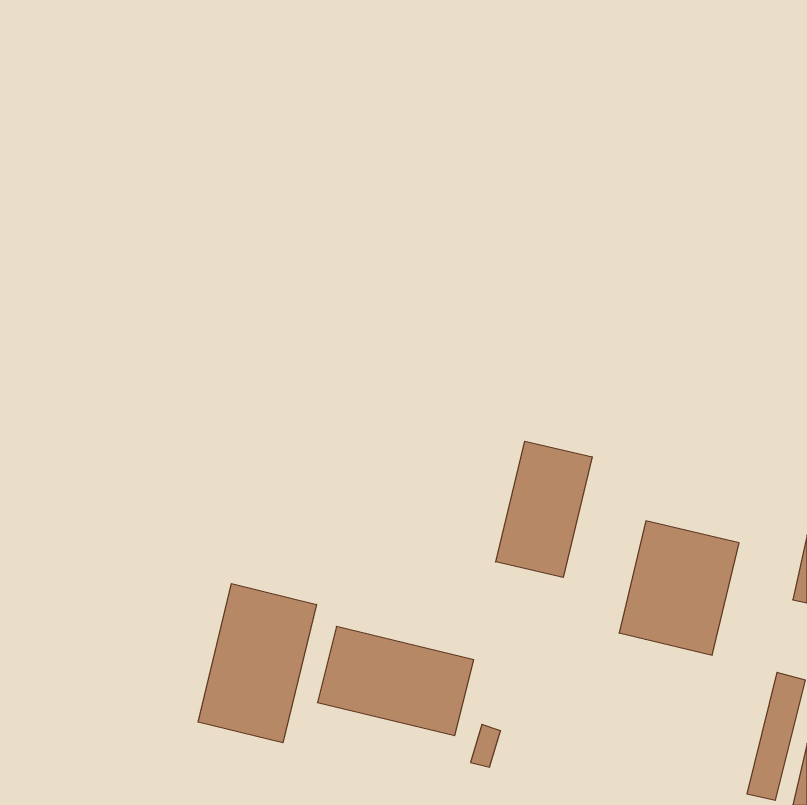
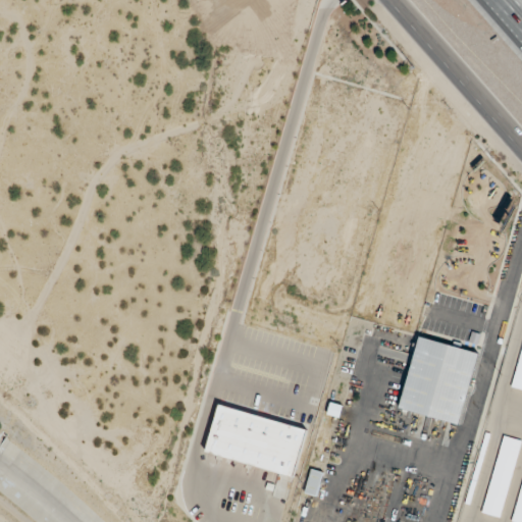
building: [496,441,592,577] -> none
building: [198,584,316,743] -> none

